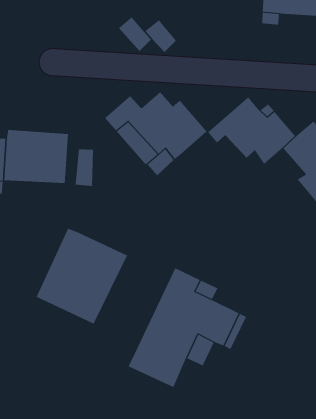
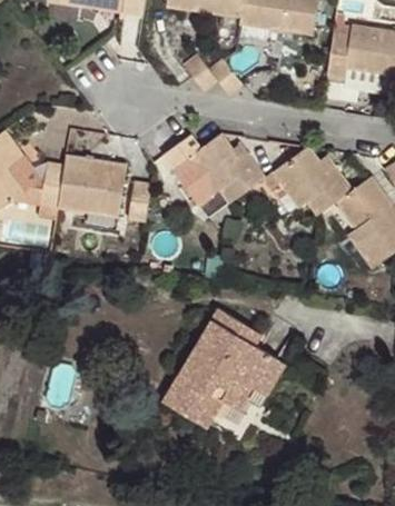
building: [36,228,128,325] -> none

